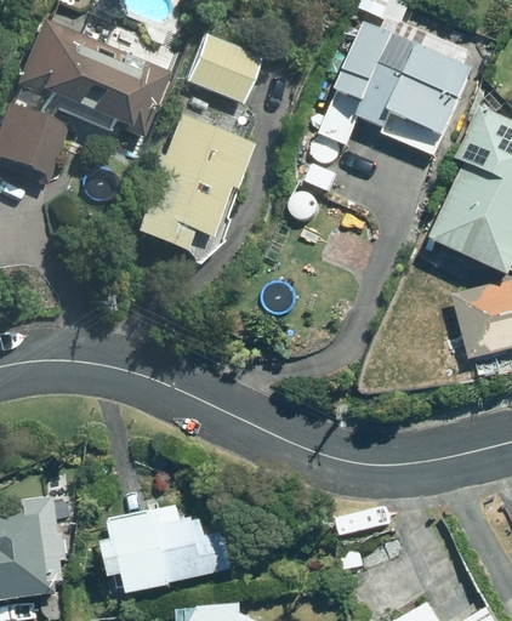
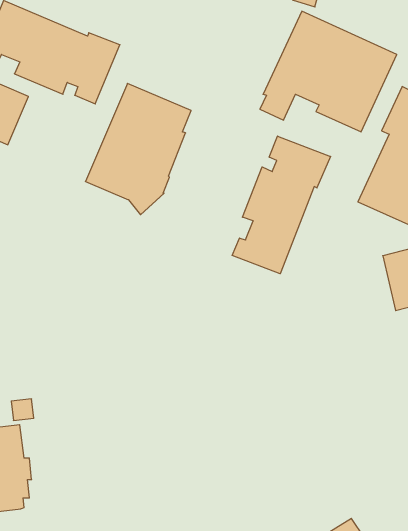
building: [184,35,256,99] -> none
building: none -> [232,136,331,274]
building: [104,505,233,587] -> none

